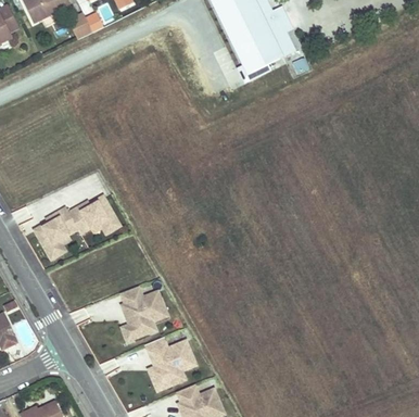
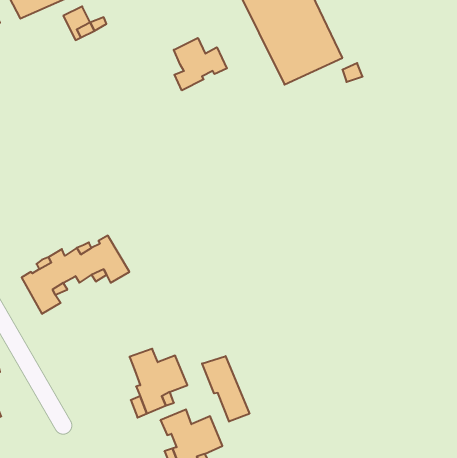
building: none -> [174,38,227,90]
building: none -> [202,356,249,422]

